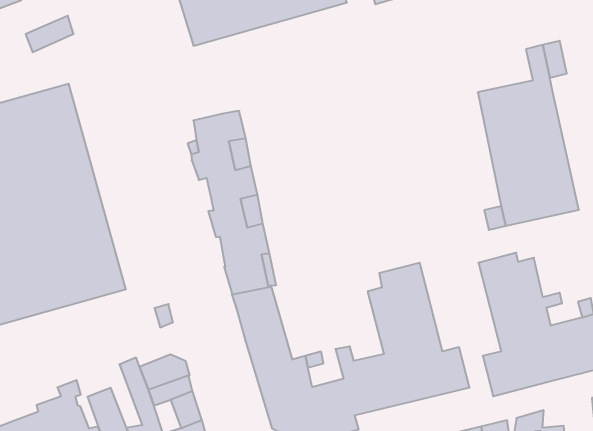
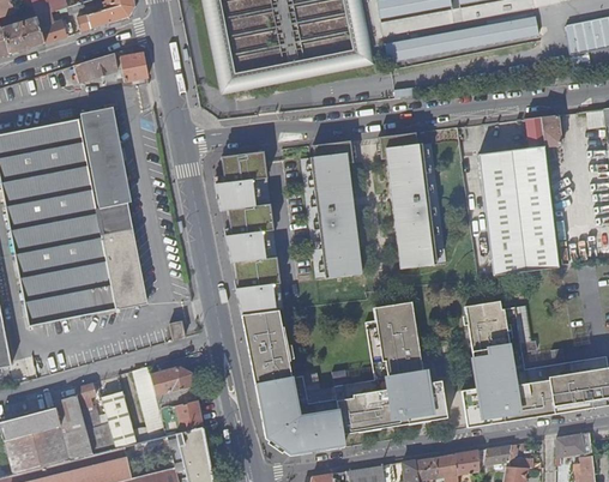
building: none -> [121,52,150,80]
building: none -> [375,132,445,269]
building: none -> [299,140,360,279]

